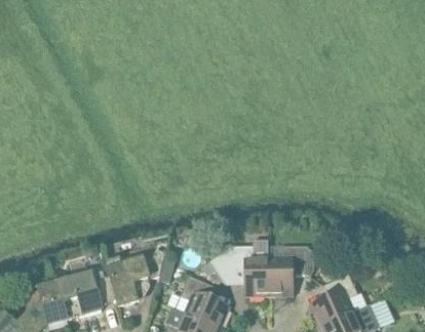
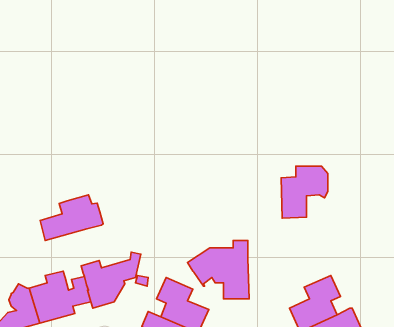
building: none -> [40,195,103,240]
building: [268,246,313,296] -> [281,166,328,218]

